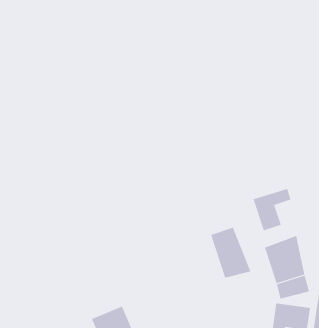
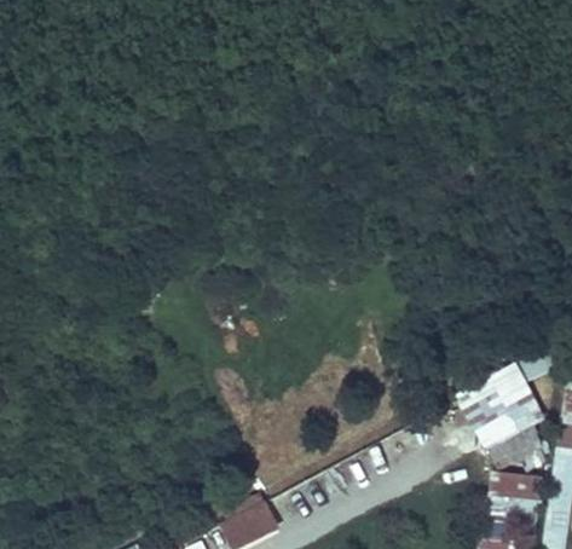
building: [253,188,291,231] -> none
building: [211,227,251,278] -> none

